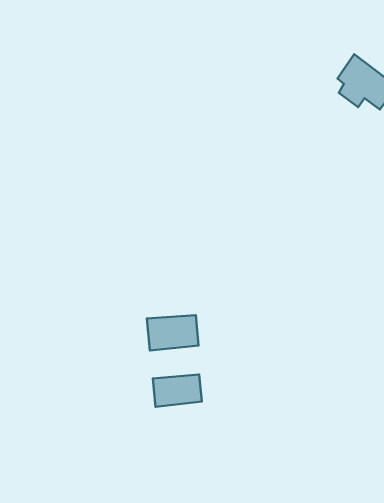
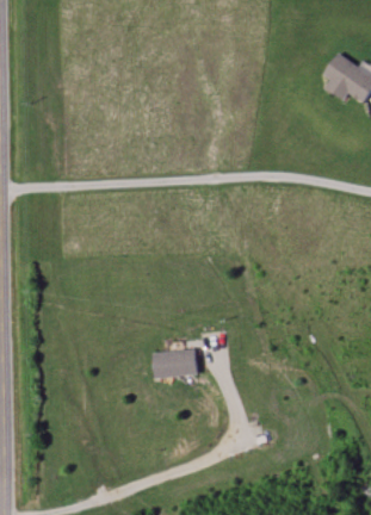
building: [147,315,198,350] -> none

